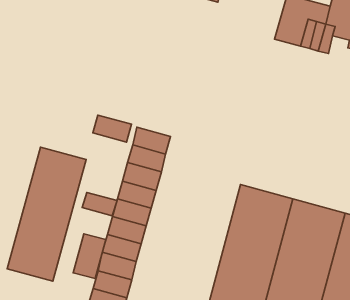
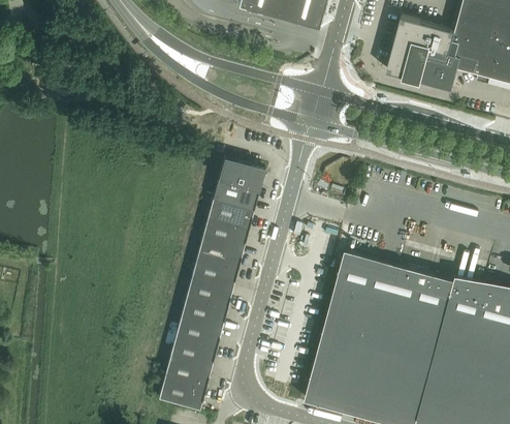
building: [93,115,132,142] -> [219,158,266,191]
building: [7,147,86,281] -> none
building: [82,192,117,216] -> none
building: [73,234,106,278] -> none

